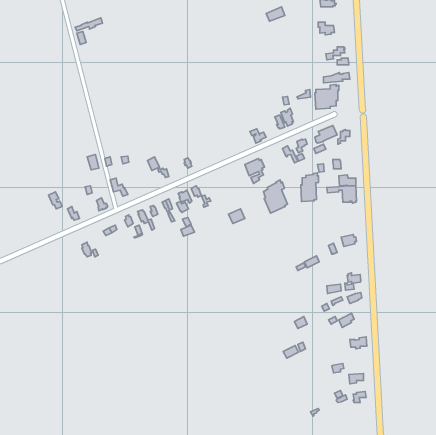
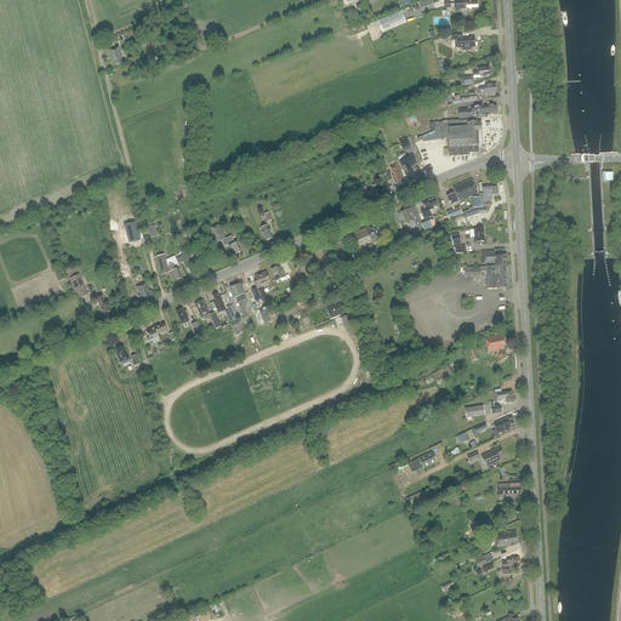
building: [301,173,318,201] -> none
building: [263,180,288,213] -> none

